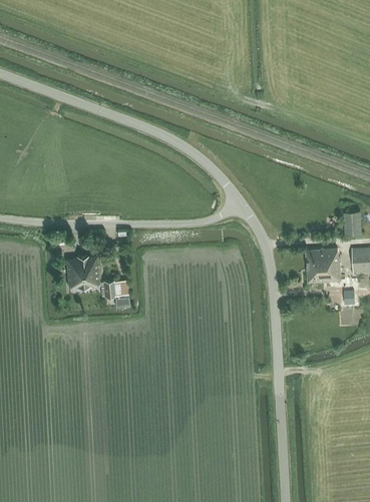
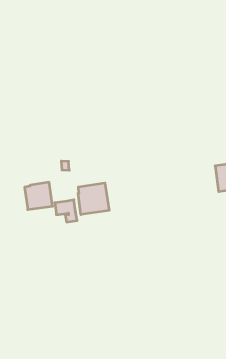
building: none -> [78,183,109,215]

